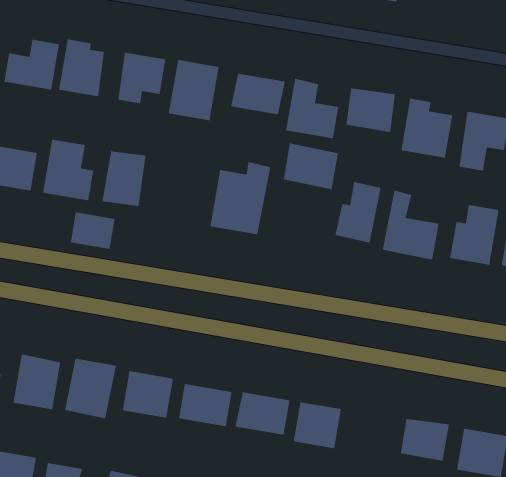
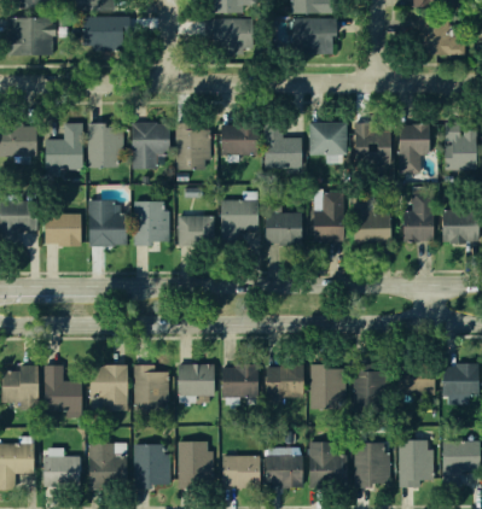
building: [283,143,339,190] -> [265,213,303,244]
building: [70,212,116,250] -> [181,218,213,242]
building: none -> [355,368,385,396]

